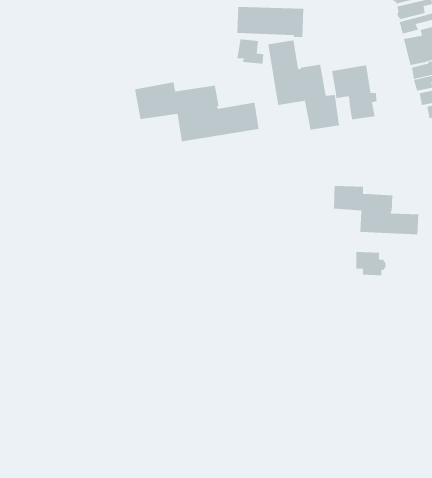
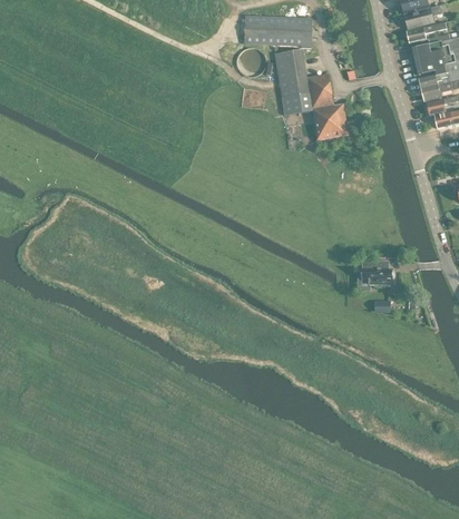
building: [331,64,377,120] -> none
building: [134,82,259,142] -> none
building: [333,185,419,235] -> none

